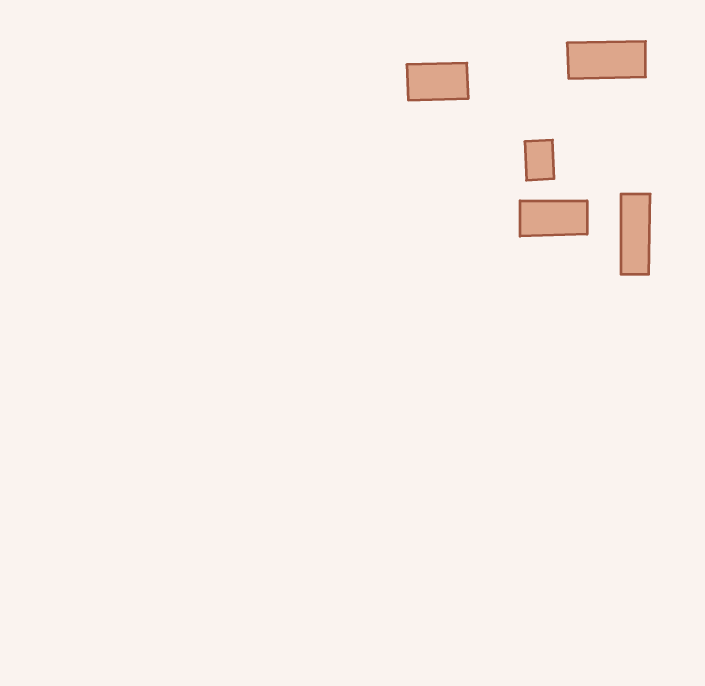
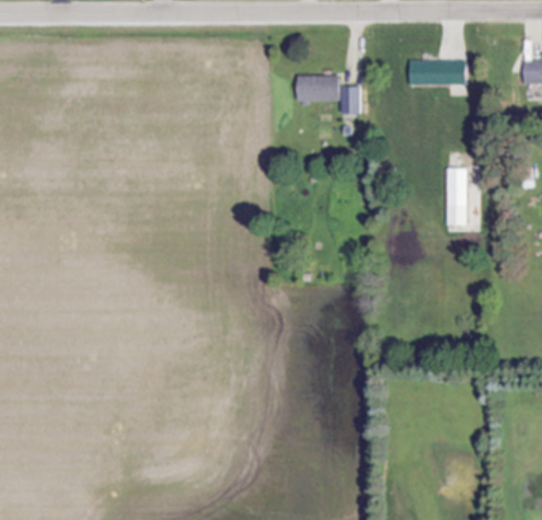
building: [525,140,554,180] -> [342,86,362,115]
building: [520,201,587,236] -> none

